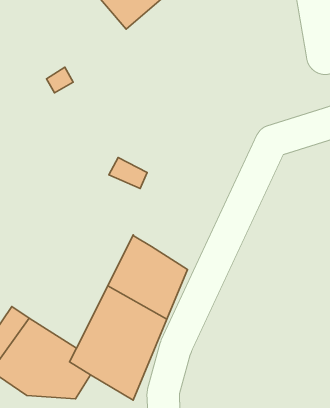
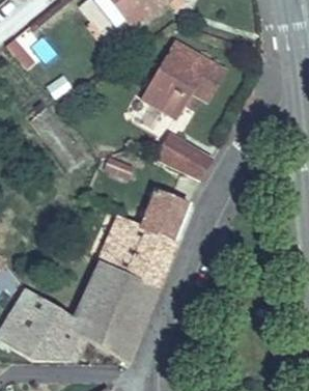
building: none -> [140,40,218,112]
building: none -> [158,132,218,183]
building: none -> [140,195,190,254]

